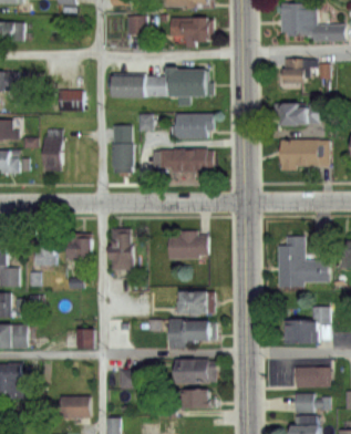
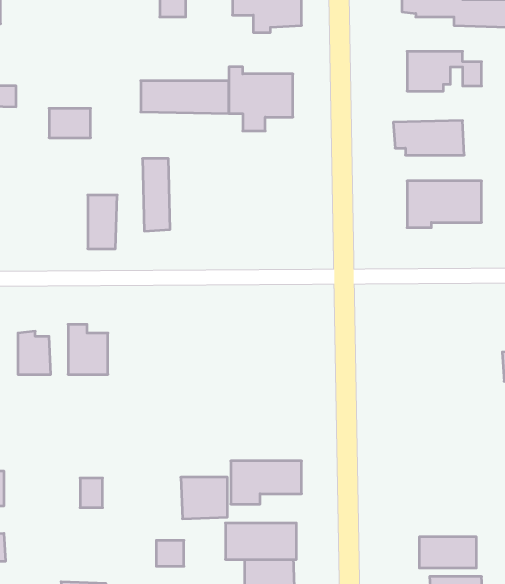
building: [178,115,215,140] -> none
building: [42,140,61,174] -> [88,195,117,249]
building: [163,151,208,174] -> none
building: [109,228,134,272] -> none
building: [167,229,207,262] -> none
building: [279,237,329,289] -> none
building: [177,288,207,314] -> [181,477,227,519]
building: [285,307,330,342] -> none

